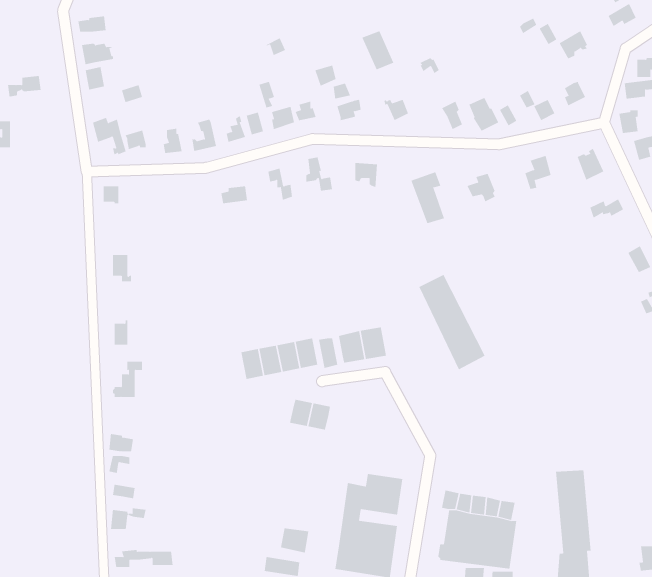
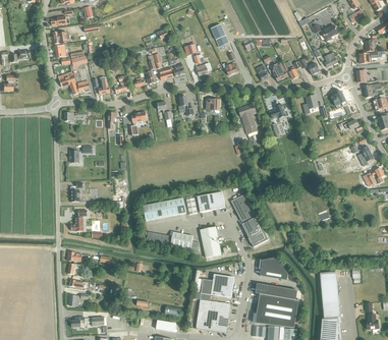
building: [419,274,486,370] -> [230,192,268,246]
building: none -> [199,225,220,257]
building: none -> [259,257,287,279]

